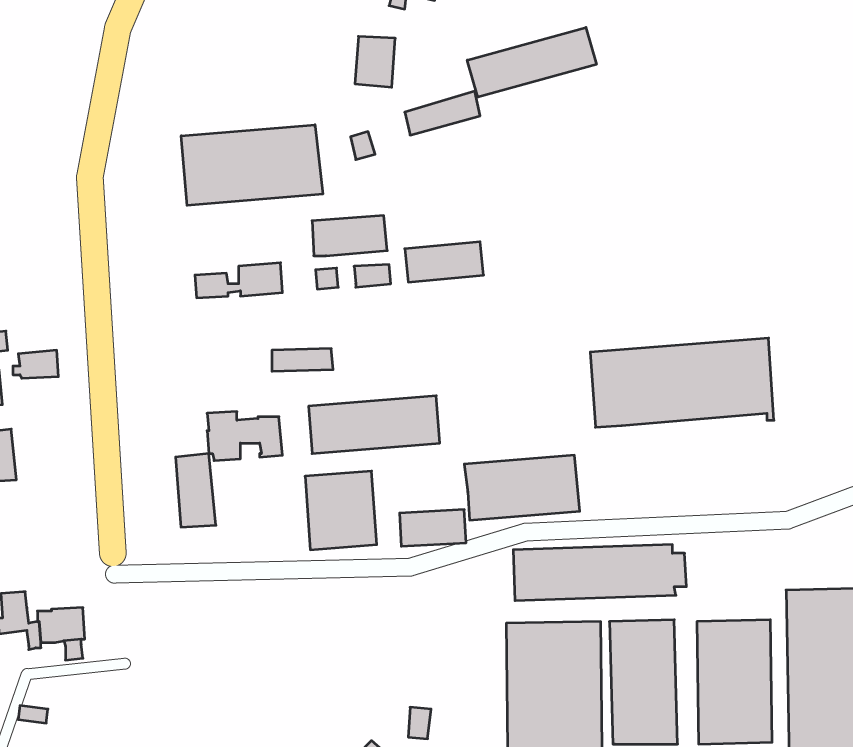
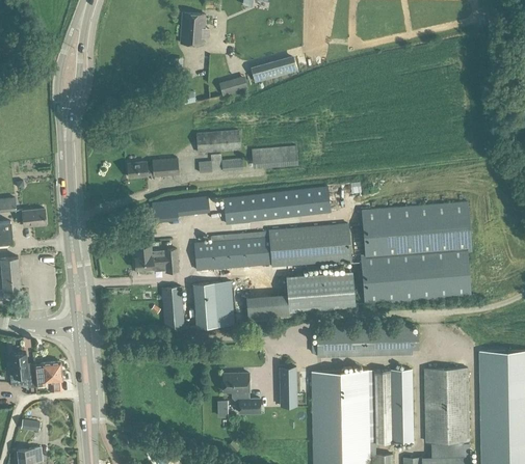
building: [467,27,596,97] -> none
building: [355,36,395,87] -> [181,13,205,44]
building: [181,125,323,205] -> none
building: none -> [222,185,332,224]
building: none -> [270,222,351,266]
building: none -> [361,246,470,304]
building: [176,454,216,527] -> [161,285,185,329]
building: none -> [280,365,296,405]
building: none -> [222,372,261,413]

